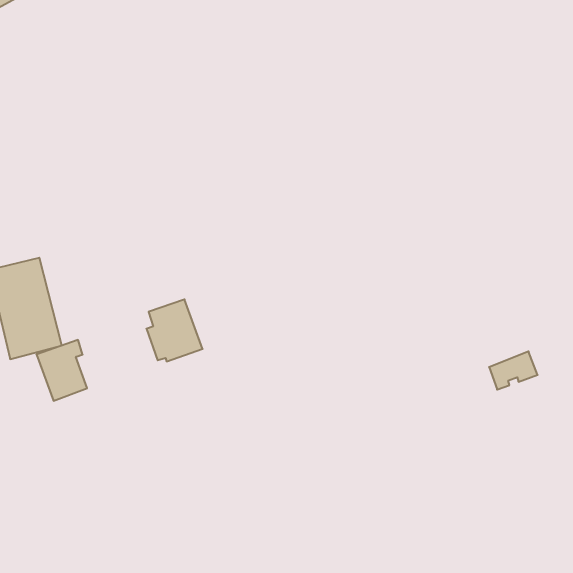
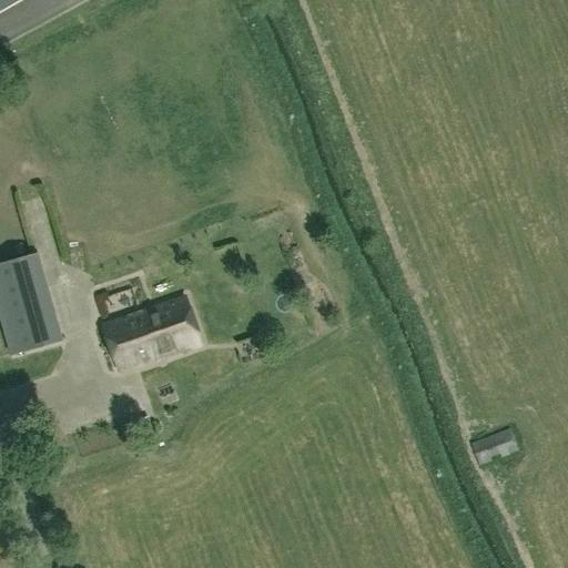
building: [36,340,87,401] -> [105,307,155,367]
building: [489,351,538,390] -> [469,426,517,464]

